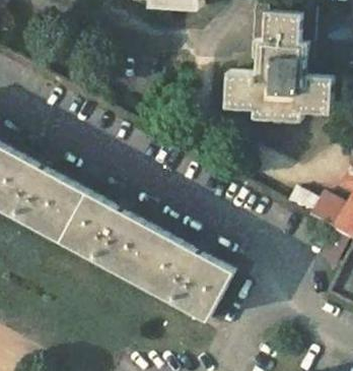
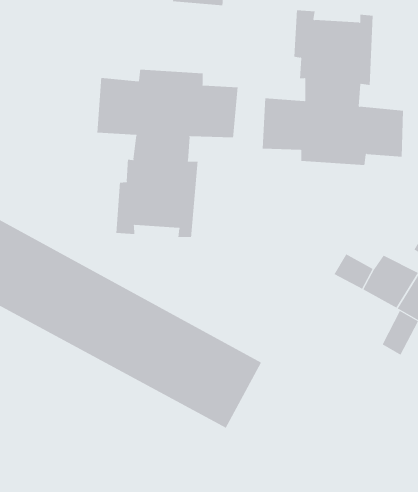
building: none -> [97,69,238,238]

